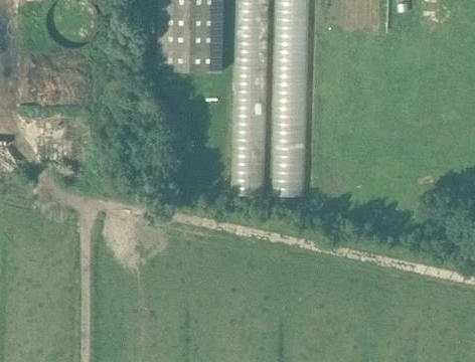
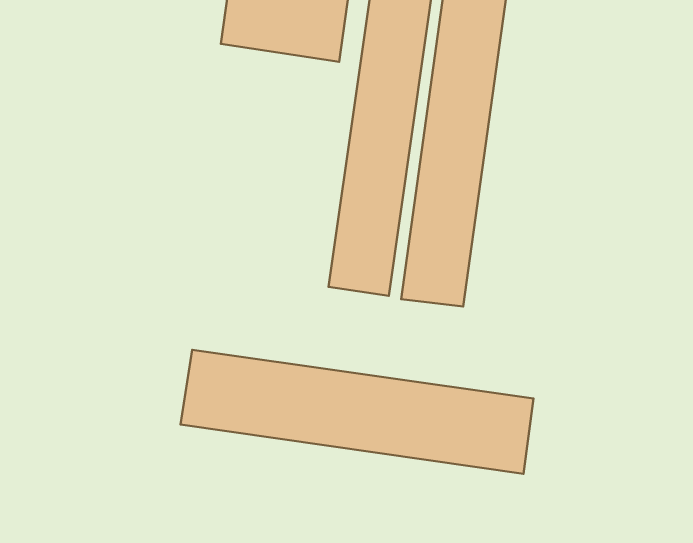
building: none -> [181,350,534,474]

